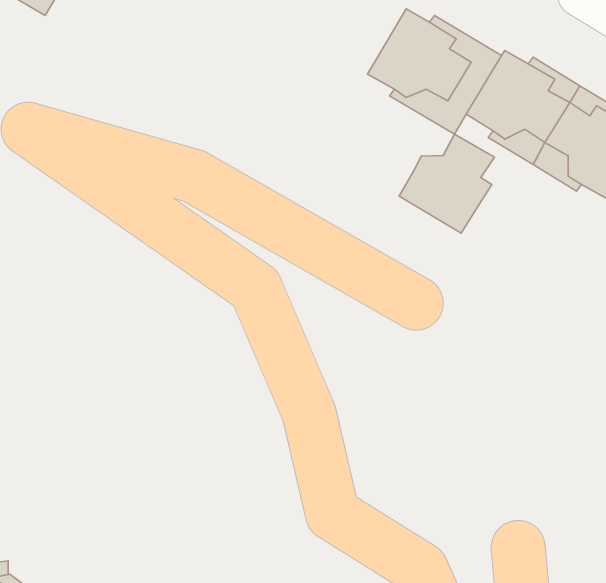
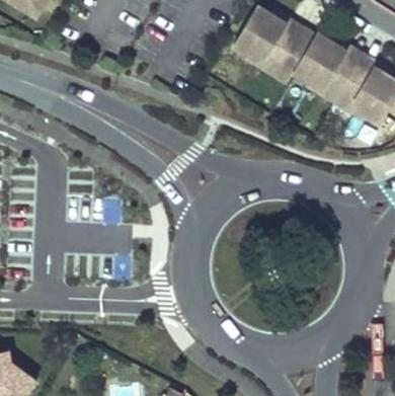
building: [399,134,494,233] -> none

